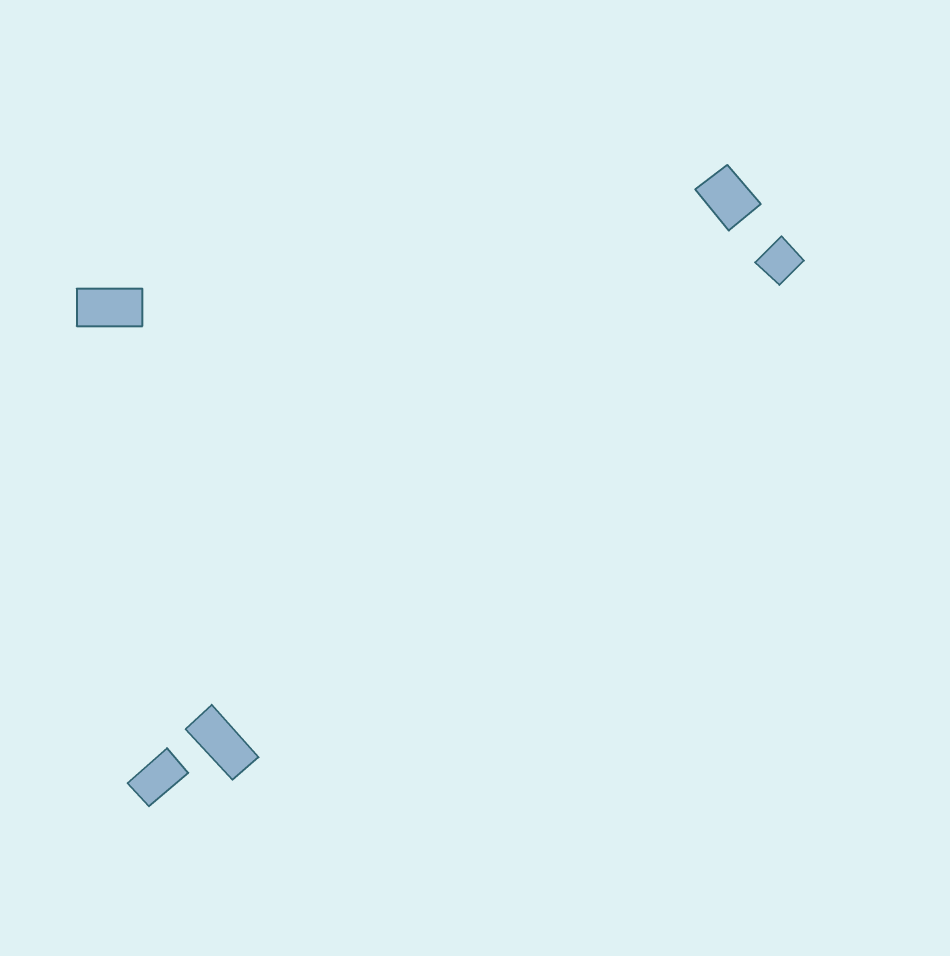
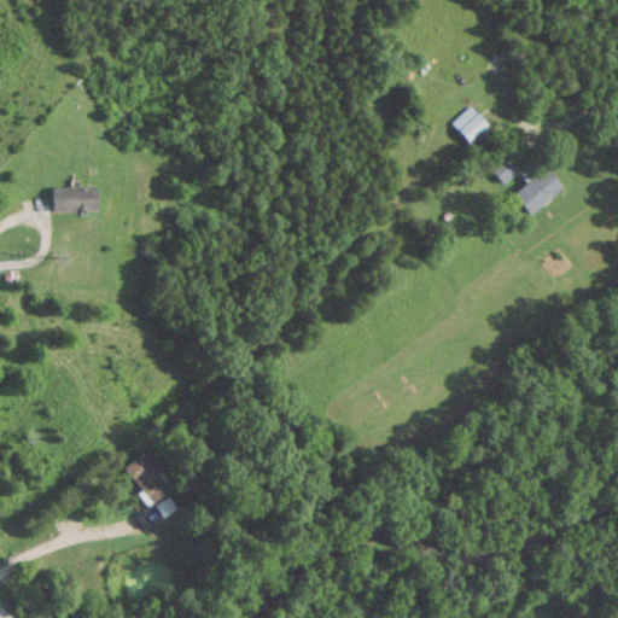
building: none -> [514,168,562,216]
building: [128,748,188,806] -> none

